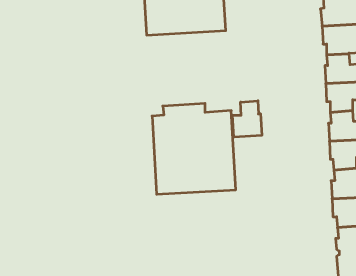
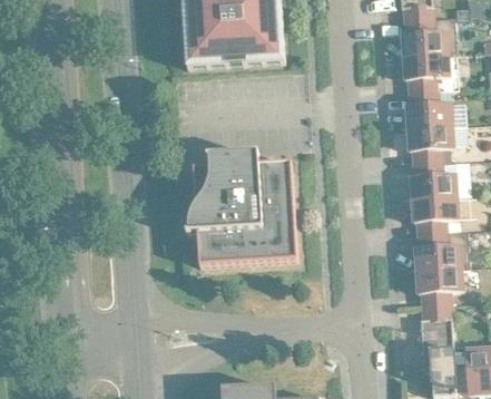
building: [233,101,262,137] -> none

